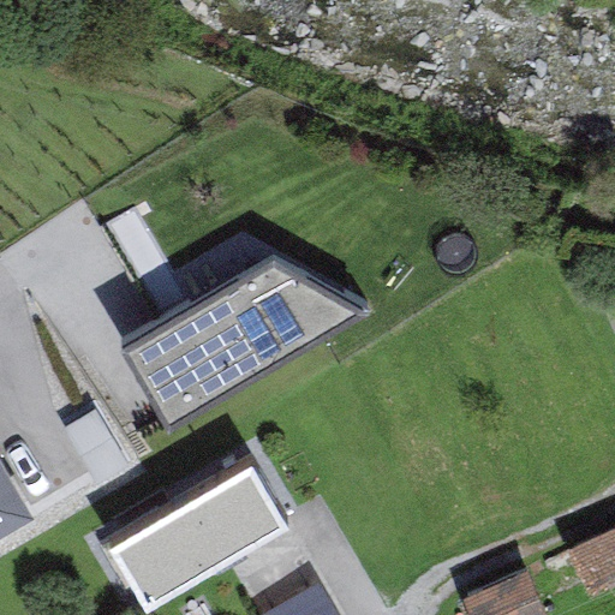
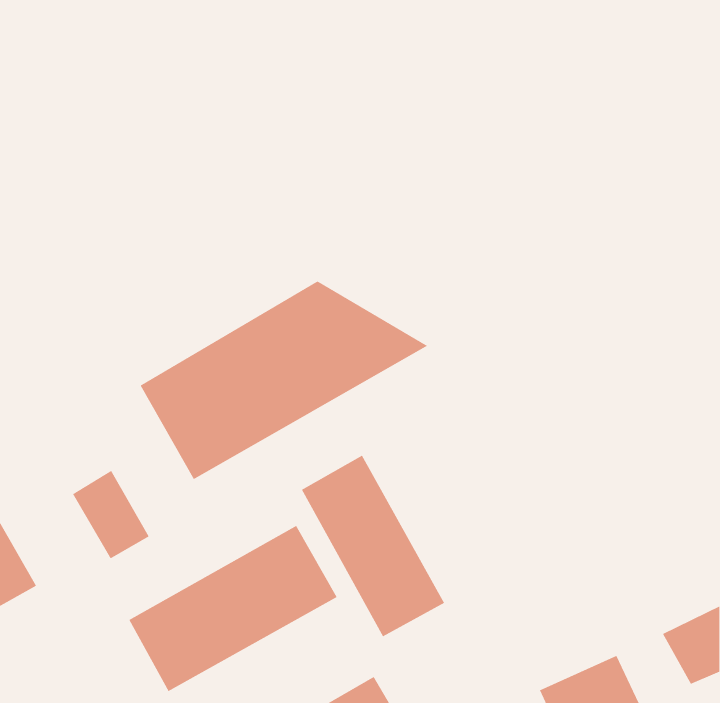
building: none -> [301,455,445,637]

